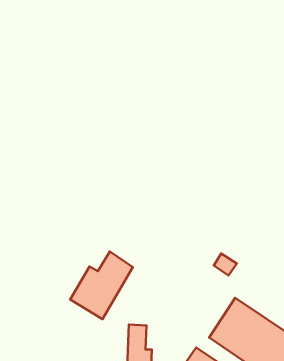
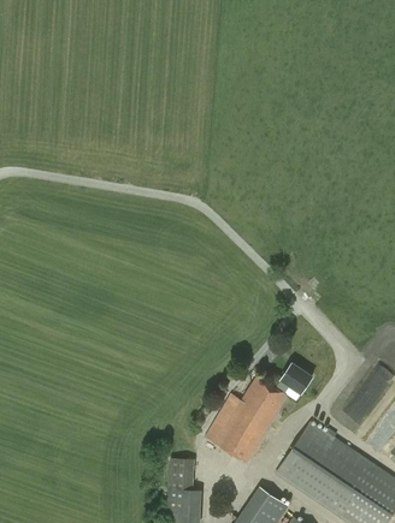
building: [70,252,133,319] -> [205,375,287,463]

